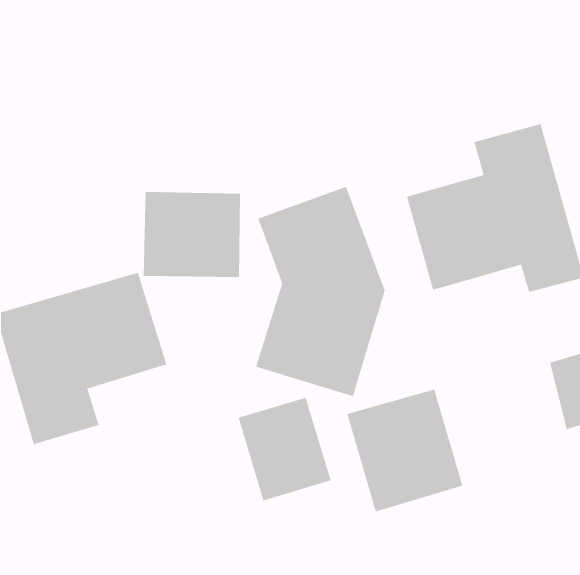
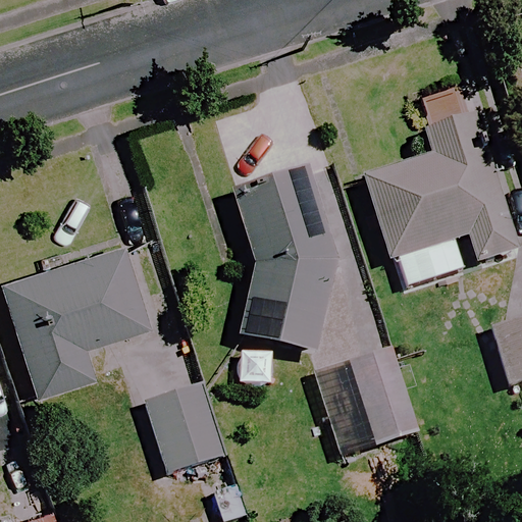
building: [143,191,240,278] -> none
building: [238,397,331,501] -> [145,380,228,473]

